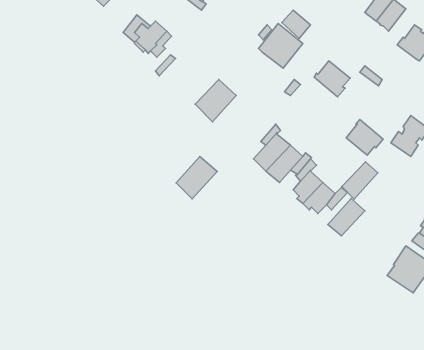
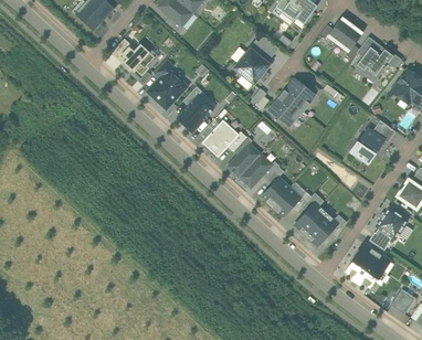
building: none -> [147,68,187,108]
building: [346,119,383,155] -> [270,93,303,125]
building: [176,157,217,199] -> [202,119,239,157]
building: [342,162,378,199] -> [306,212,338,245]

